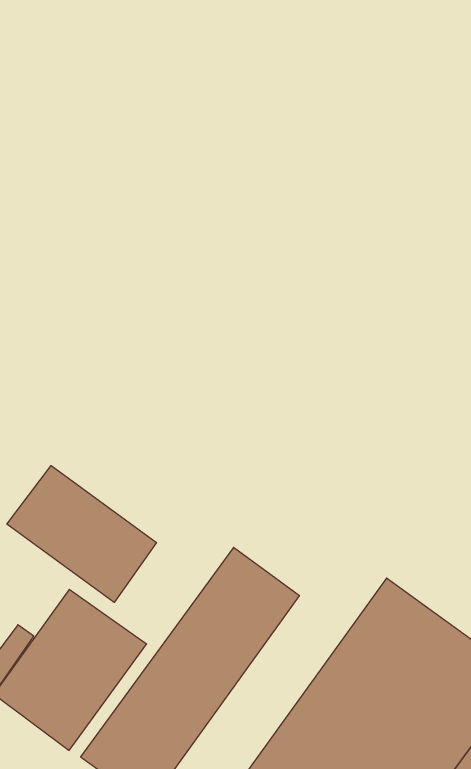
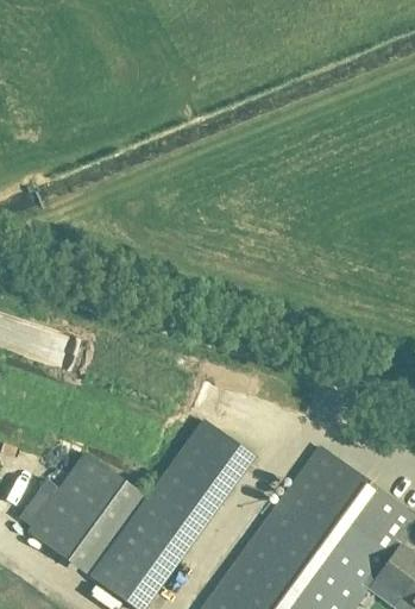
building: [7,466,156,602] -> none

